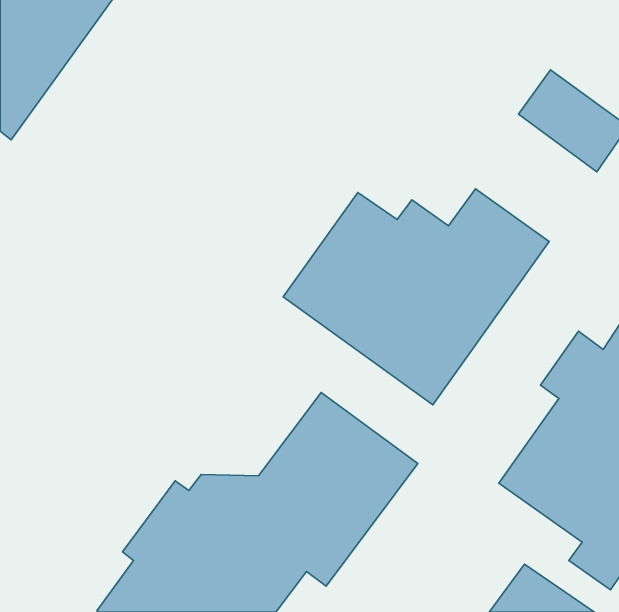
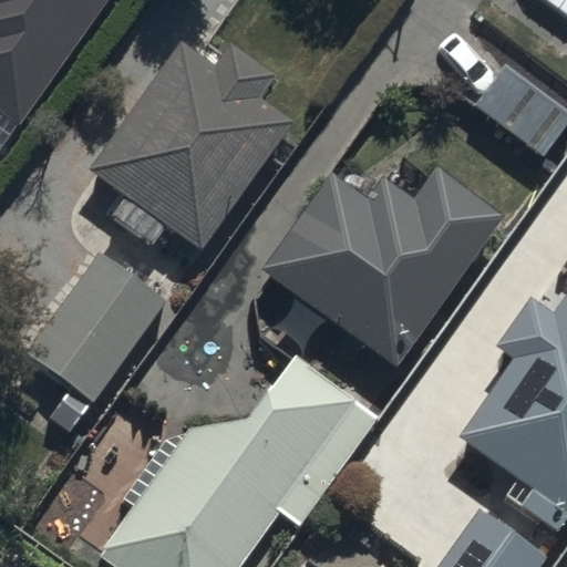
building: none -> [90,45,293,255]
building: none -> [21,249,168,405]

